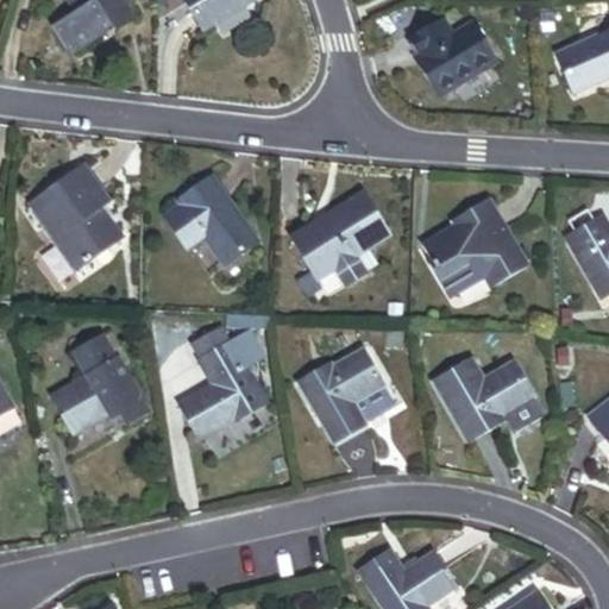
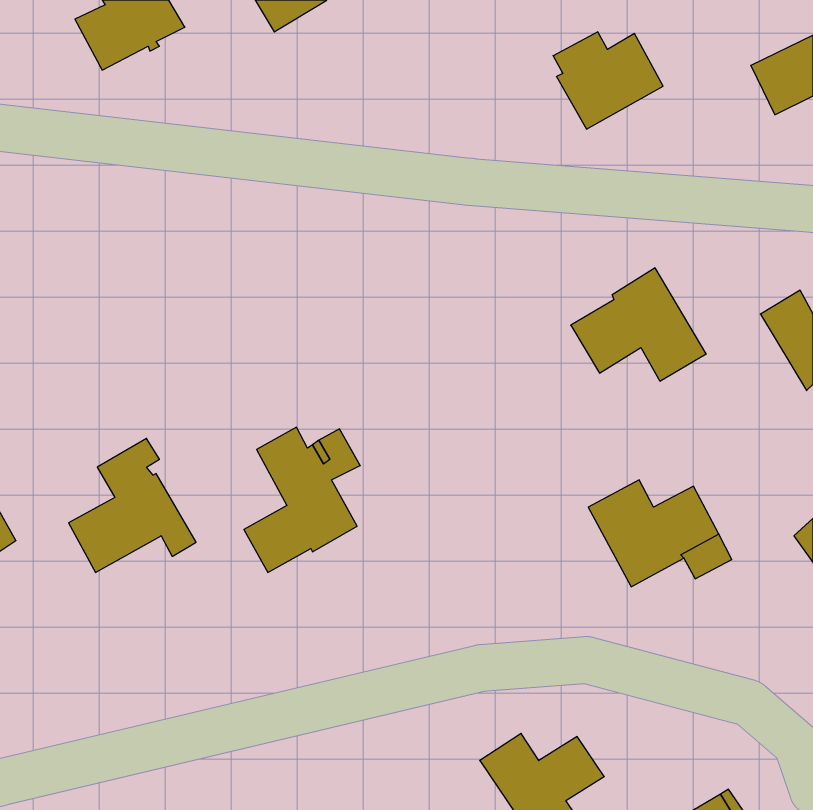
building: [31,165,115,265] -> none
building: [167,175,257,260] -> none
building: [289,194,384,282] -> none
building: [300,349,394,438] -> none

